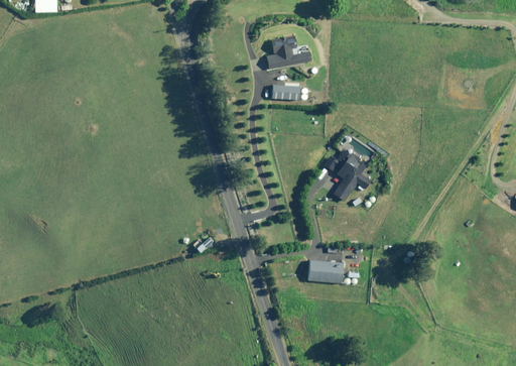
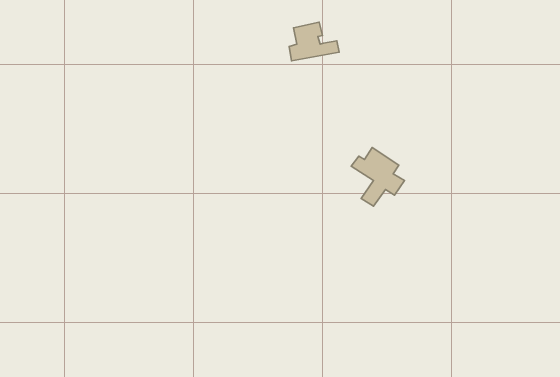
building: [272,84,300,99] -> none
building: [308,259,344,282] -> none

